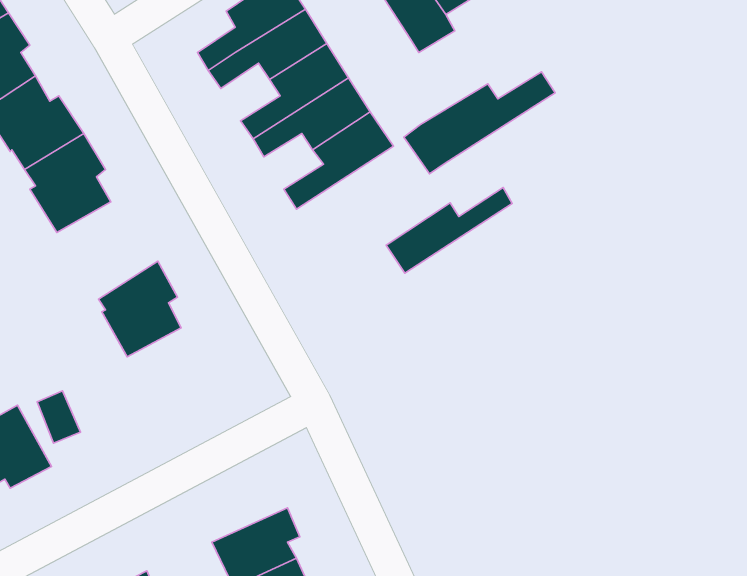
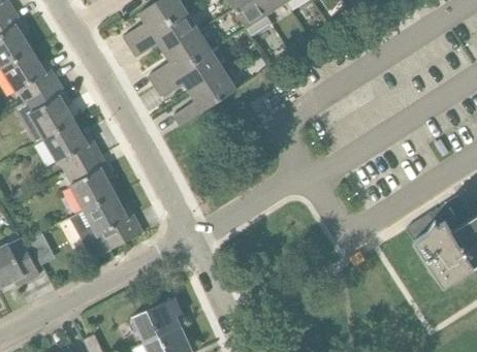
building: [404,72,555,174] -> none
building: [386,188,512,273] -> none
building: none -> [42,121,100,177]
building: none -> [69,193,141,258]

